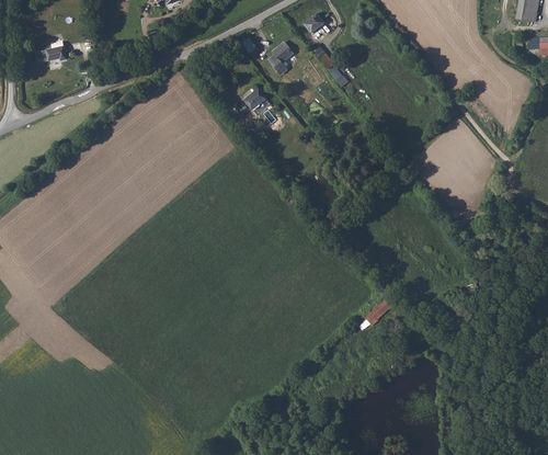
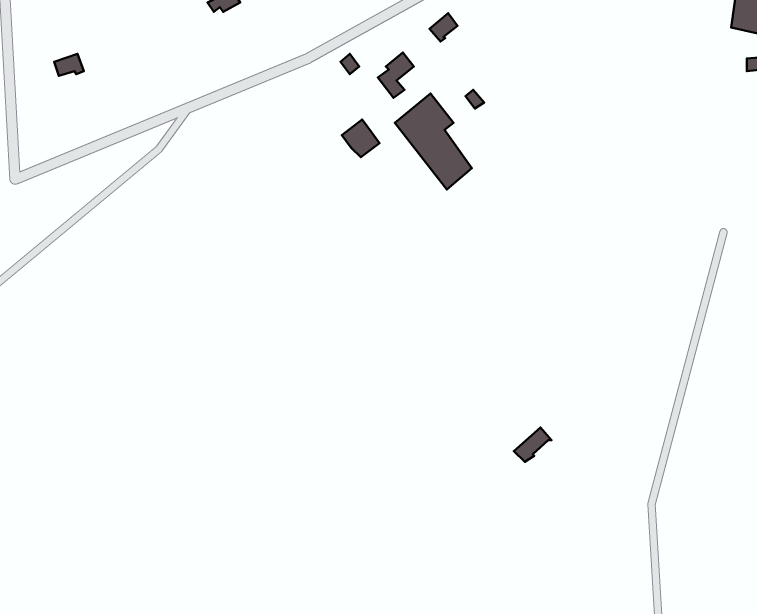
building: none -> [395,93,472,190]

